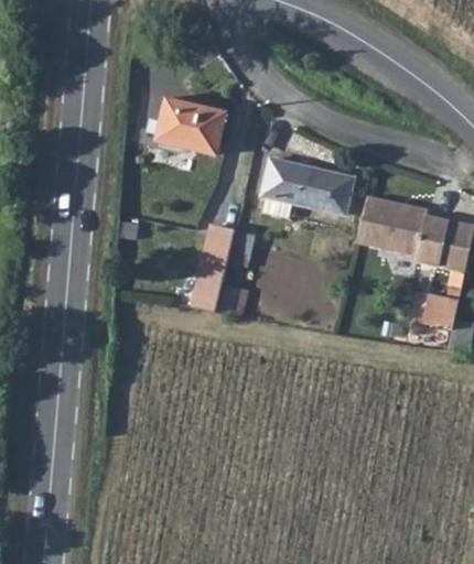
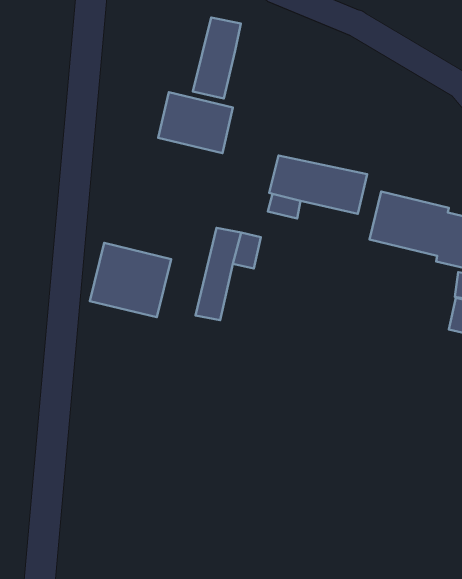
building: none -> [193,17,241,98]
building: none -> [90,243,171,317]

